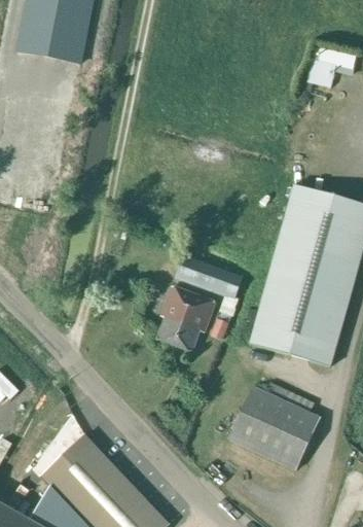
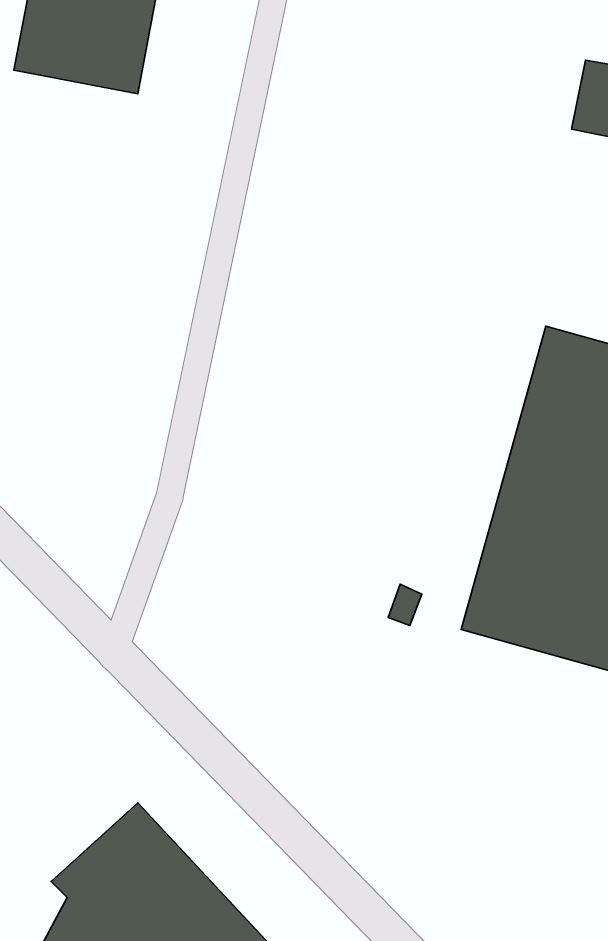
building: [175,255,243,301] -> none
building: [156,287,214,353] -> none
building: [228,381,320,470] -> none

